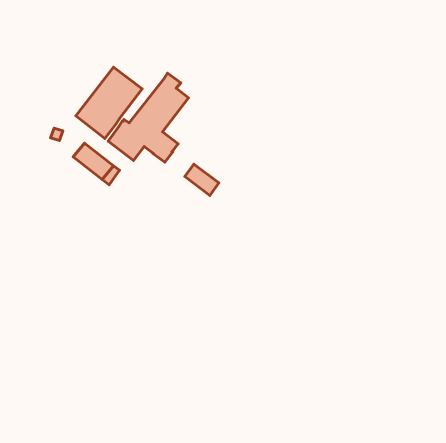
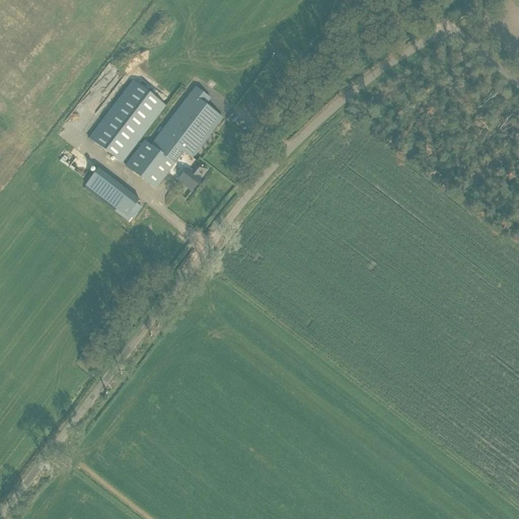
building: [185,164,219,195] -> none

